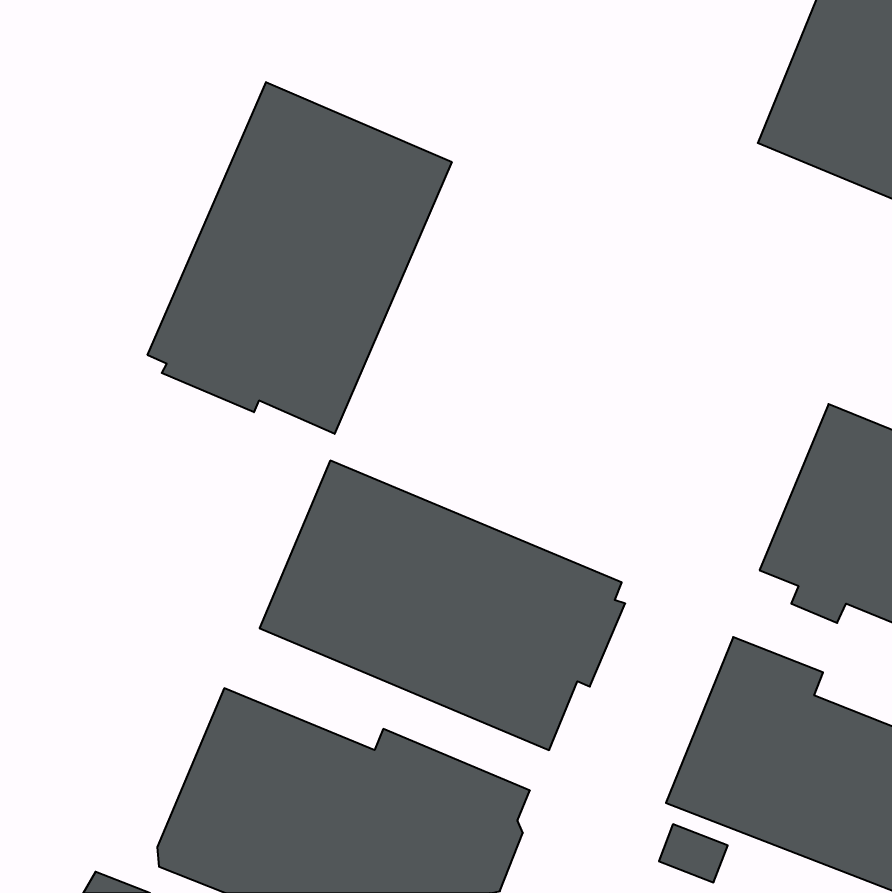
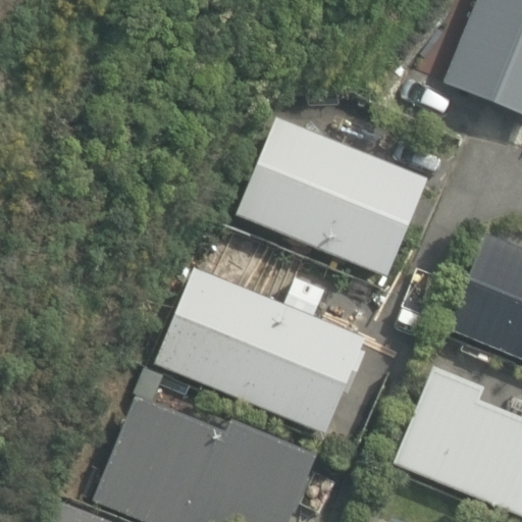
building: [148,82,452,434] -> none
building: none -> [238,116,427,277]

